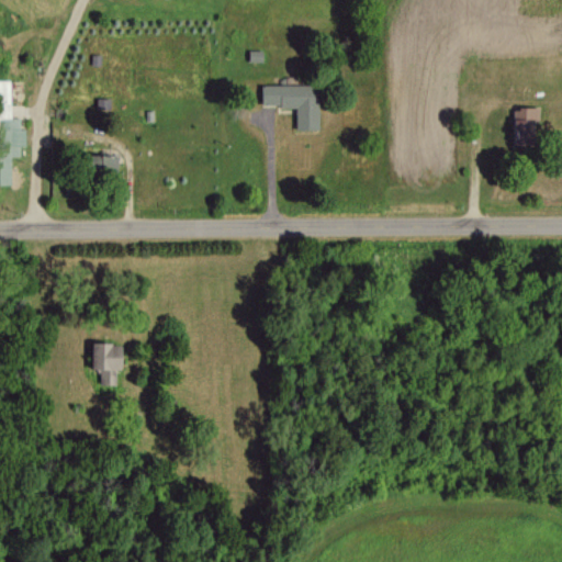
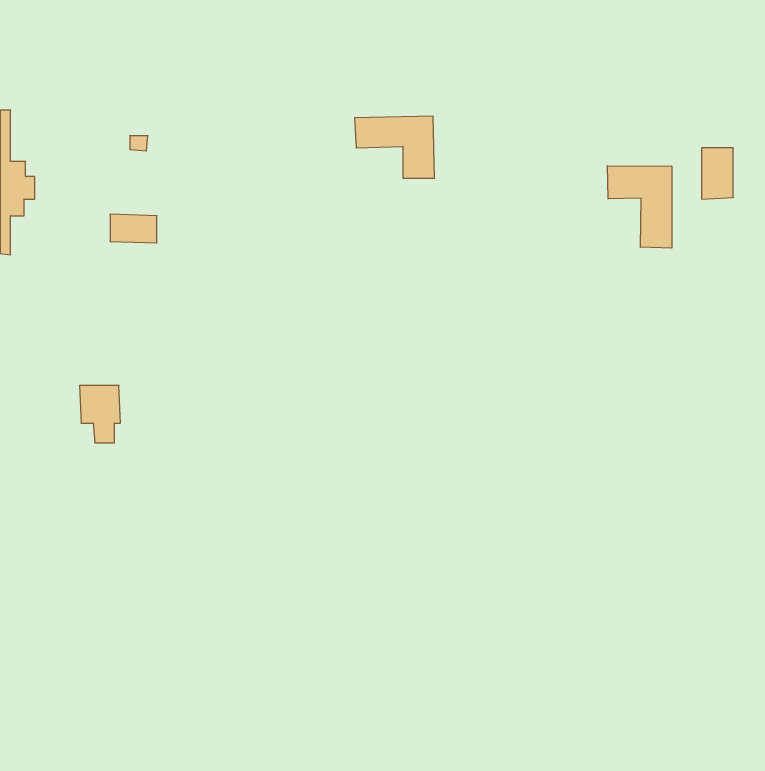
building: none -> [607,166,672,248]
building: [91,344,121,385] -> [80,385,120,443]

